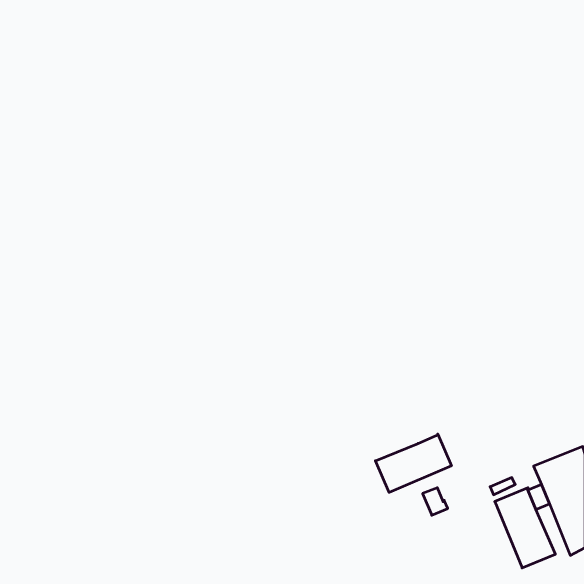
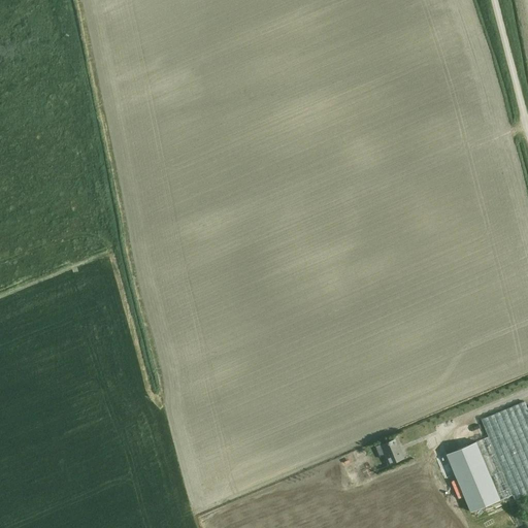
building: [375,434,451,492] -> none

